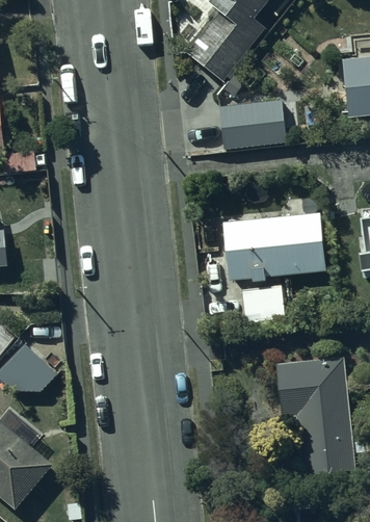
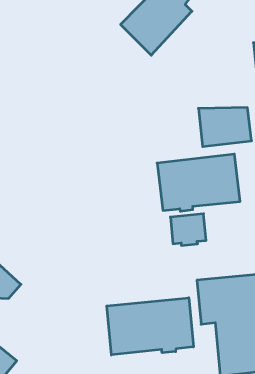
building: [217,95,284,143] -> [198,108,252,147]
building: none -> [107,298,193,355]

